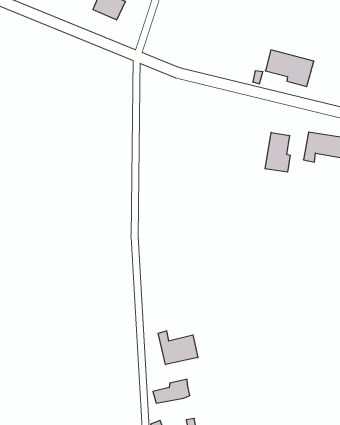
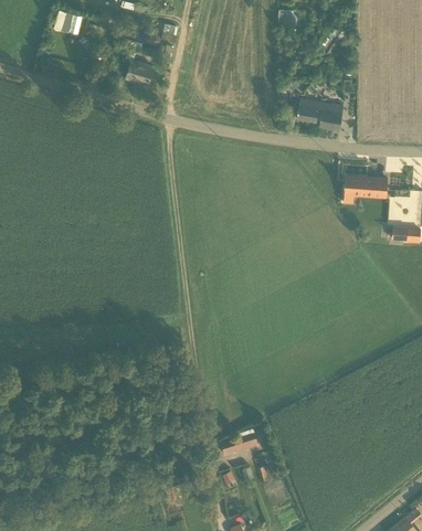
building: [265,132,290,172] -> none
building: [158,331,198,365] -> none

